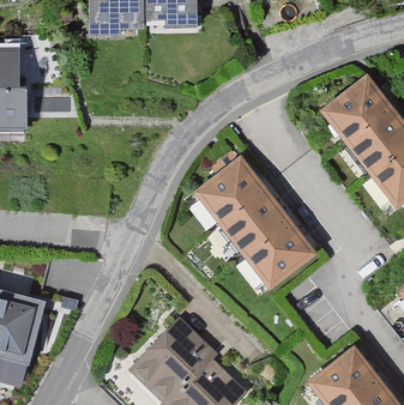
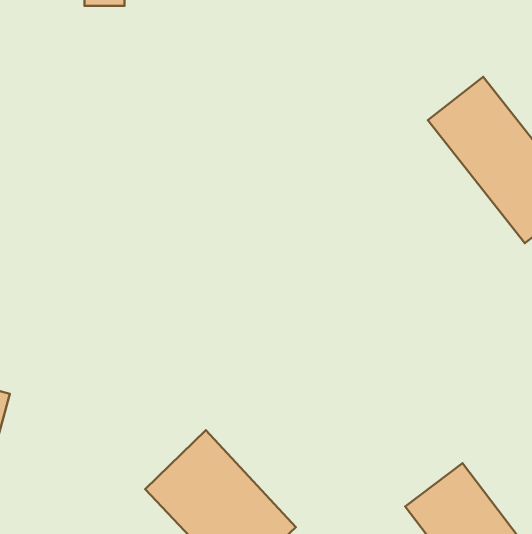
building: [203,163,309,283] -> none

